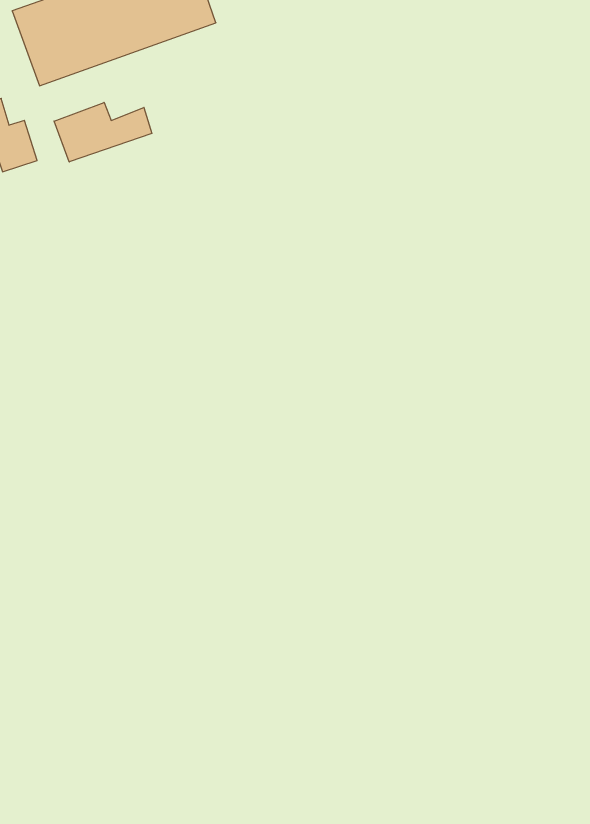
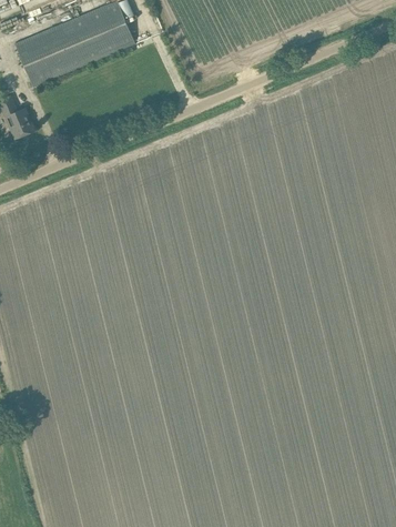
building: [54,102,152,162] -> none

